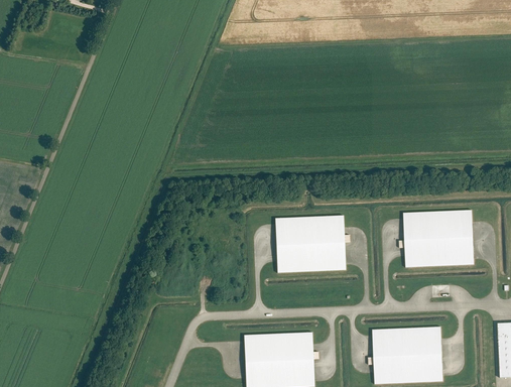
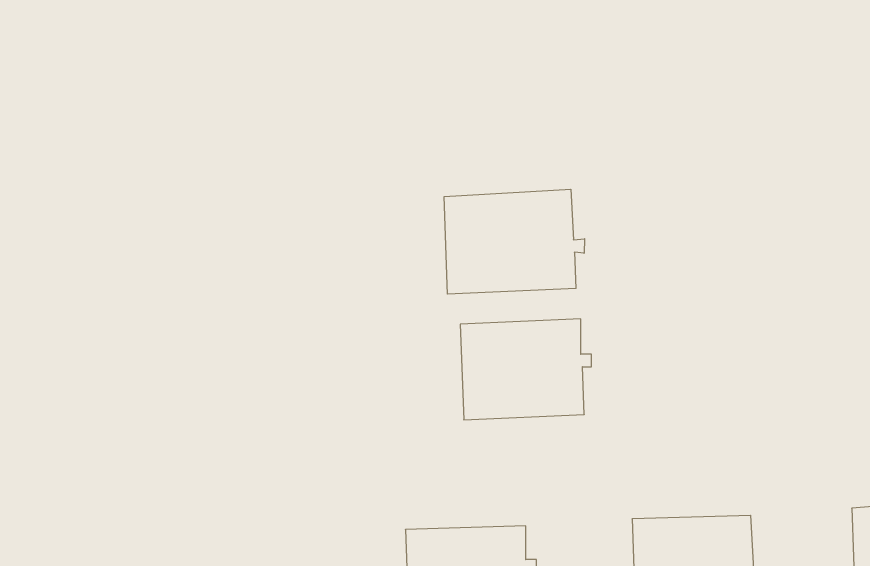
building: none -> [444,189,585,294]
building: [399,210,474,267] -> none

